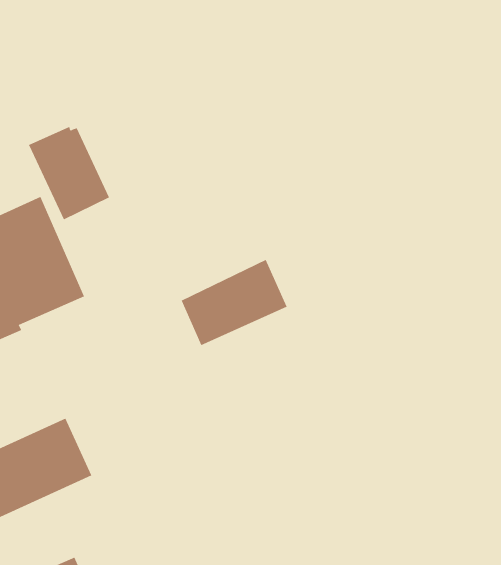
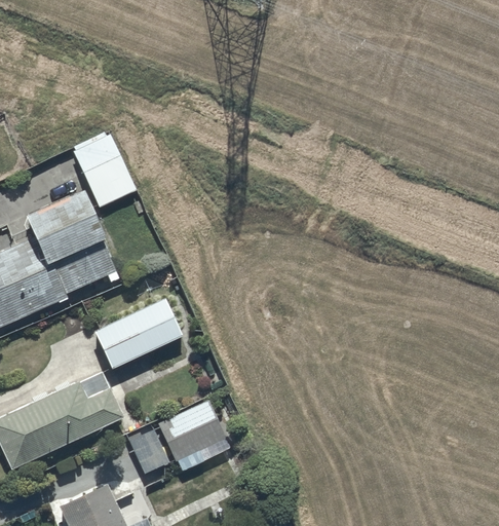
building: [181,259,287,346] -> [94,298,182,369]
building: none -> [125,401,230,475]

